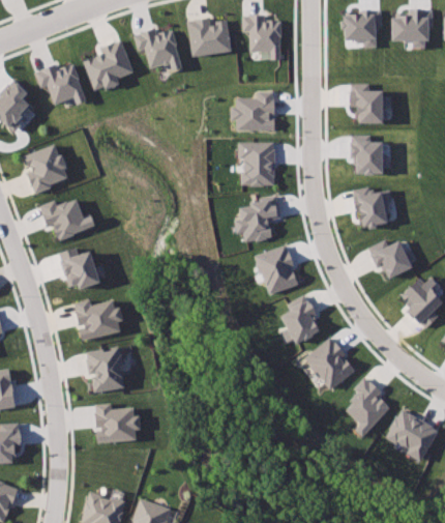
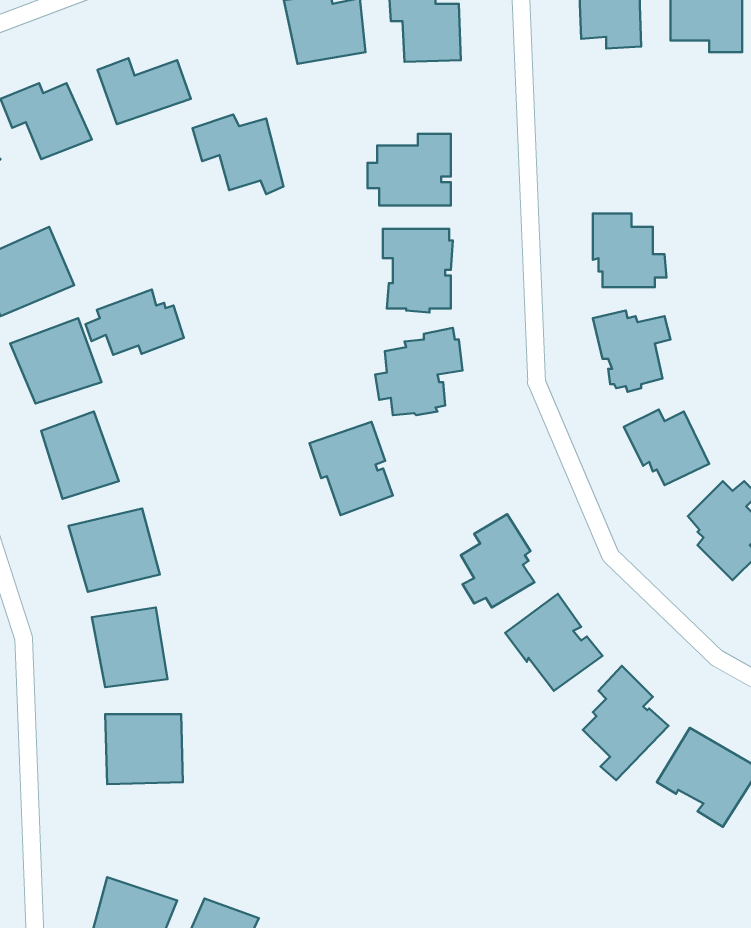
building: [132,29,181,71] -> [192,115,284,194]
building: [351,85,391,124] -> none
building: none -> [86,289,184,355]
building: [255,246,299,296] -> [309,422,393,515]

